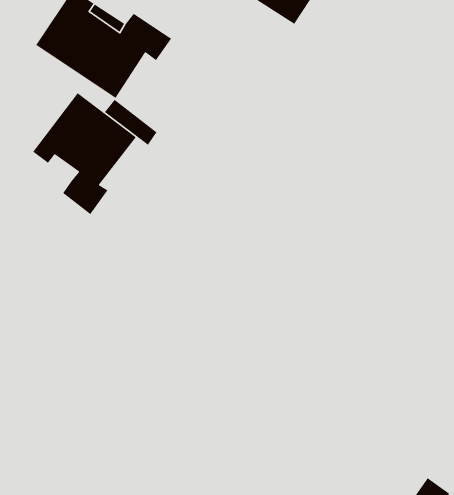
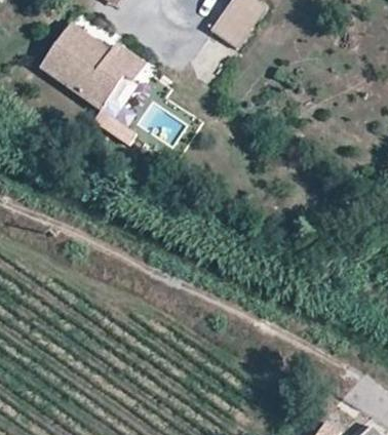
building: [32,92,137,215] -> none

